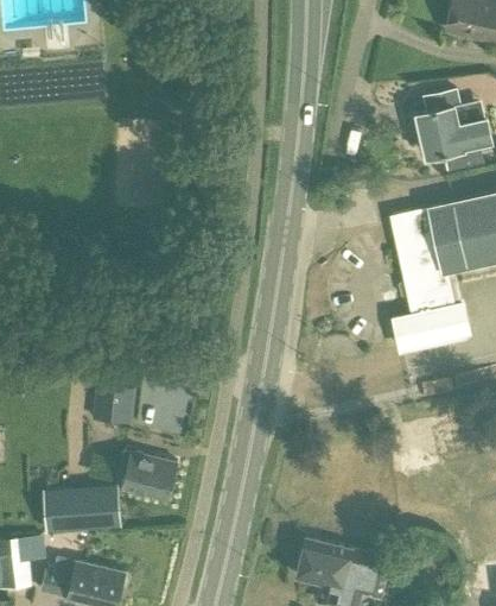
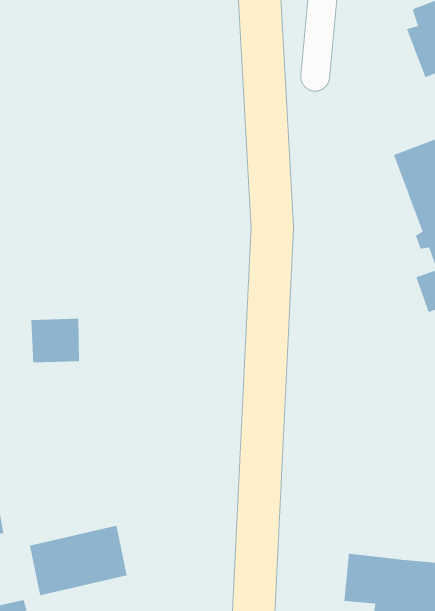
building: [93,385,136,425] -> [30,318,80,363]
building: [116,452,177,500] -> none

